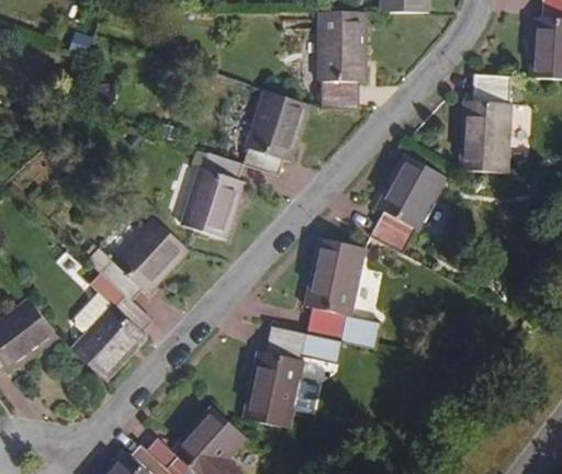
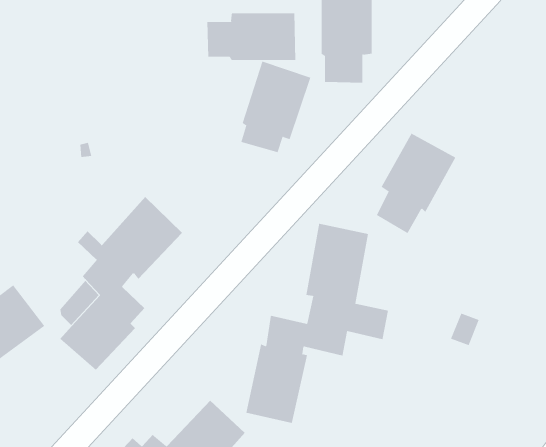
building: none -> [207,12,296,61]
building: [461,75,509,172] -> none
building: [181,153,244,240] -> none

